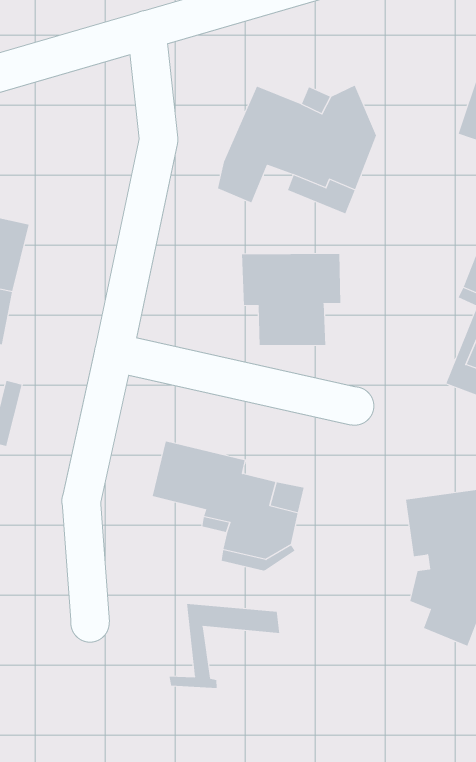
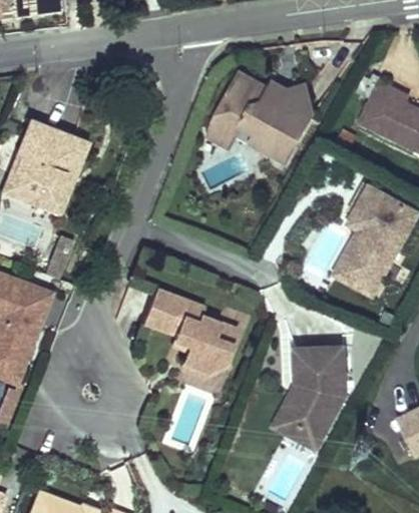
building: [242,253,341,346] -> none
building: none -> [273,380,323,451]
building: [169,603,280,689] -> none

